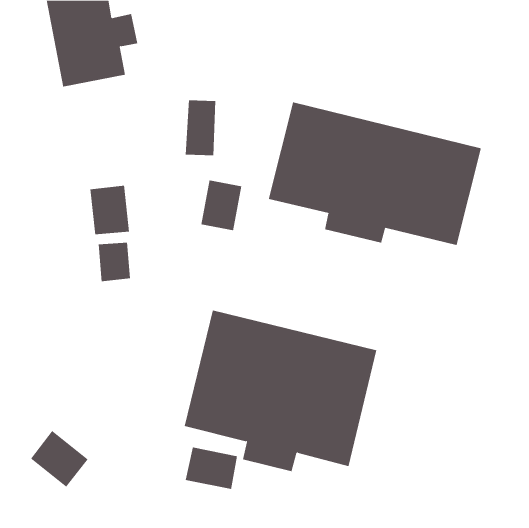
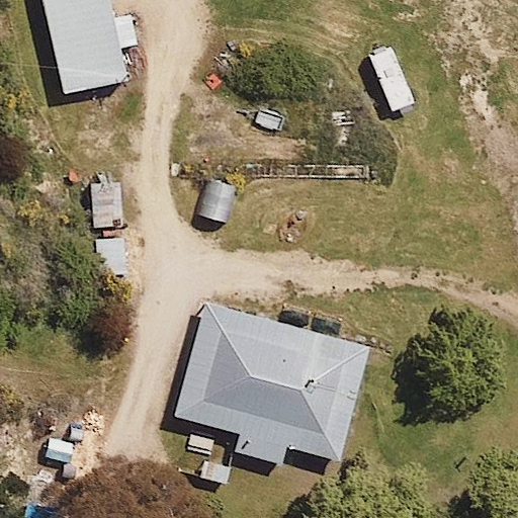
building: [268,102,481,246] -> none

